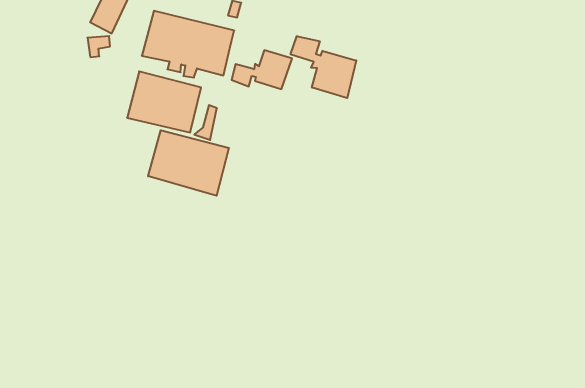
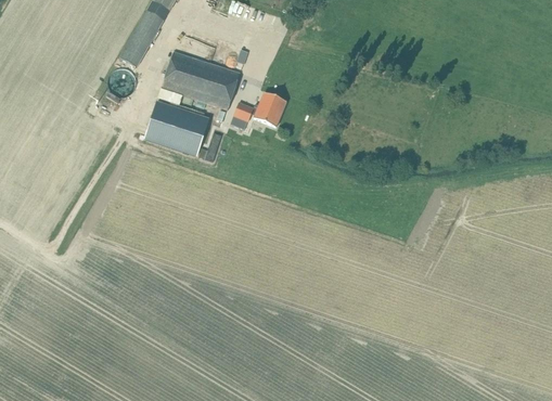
building: [291,36,356,98] -> none
building: [148,130,229,196] -> none

